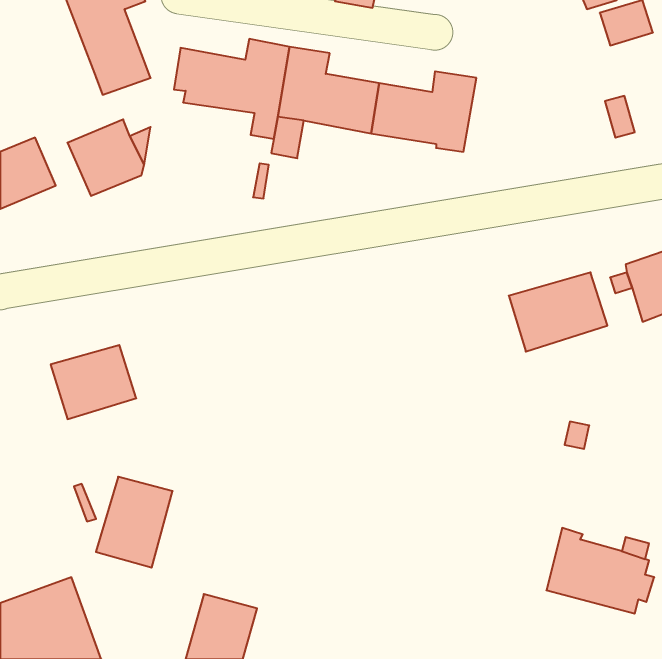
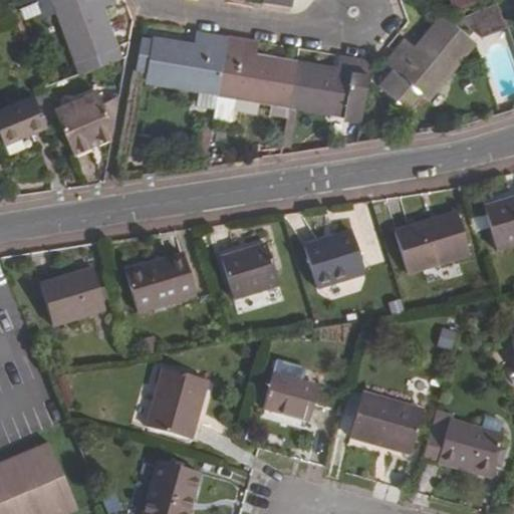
building: none -> [379,16,472,110]
building: none -> [304,229,365,286]
building: none -> [222,242,280,298]
building: none -> [124,252,197,311]
building: [96,477,173,568] -> [148,367,207,438]
building: none -> [264,372,320,419]
building: none -> [350,391,424,453]

